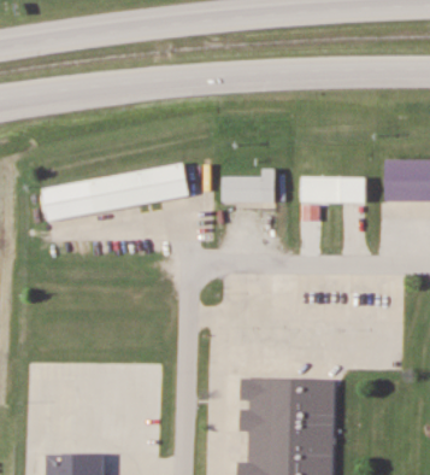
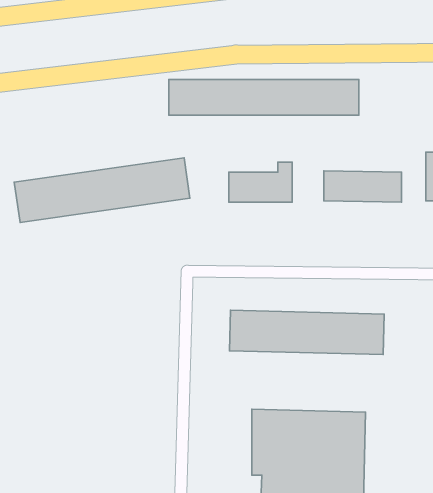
building: none -> [169,79,359,115]
building: none -> [229,310,384,355]

